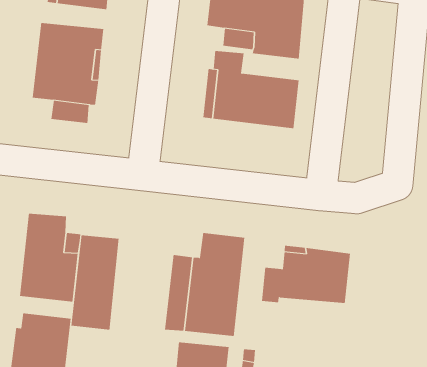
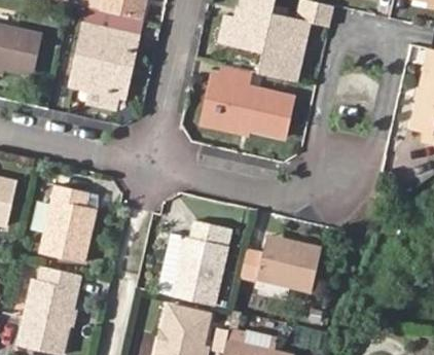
building: [71,235,119,330] -> none

